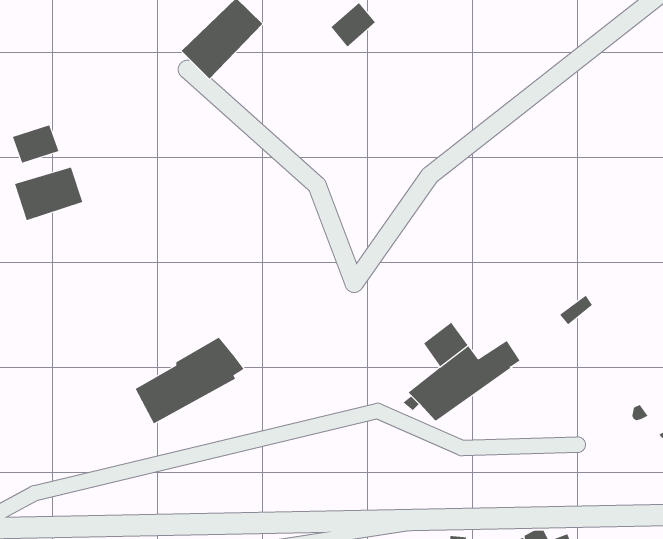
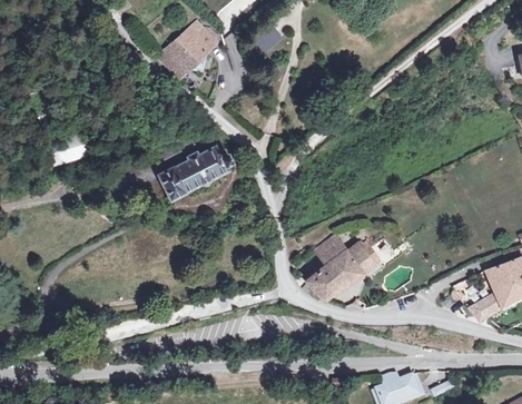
building: [12,124,59,164] -> none
building: [135,337,244,424] -> [158,142,230,200]

